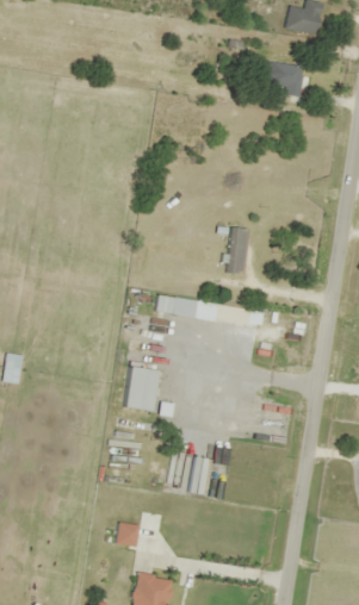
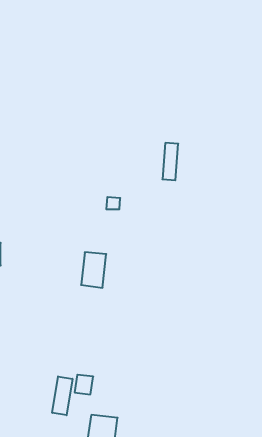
building: [267,57,308,98] -> none
building: none -> [52,376,72,415]

